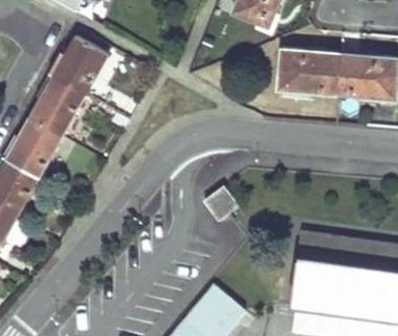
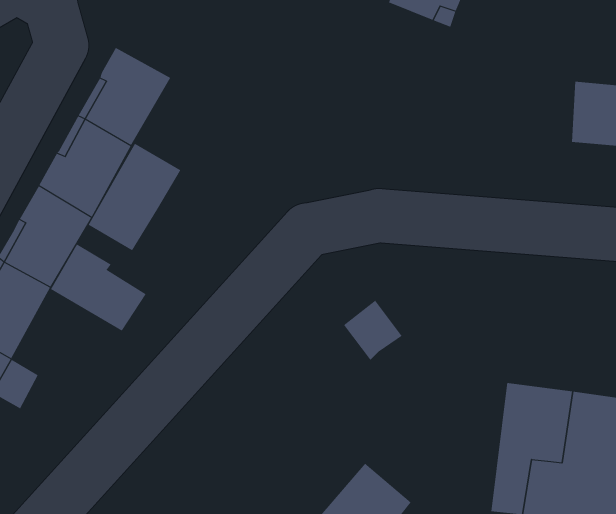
building: [276,51,339,94] -> none
building: none -> [88,143,181,251]
building: none -> [50,243,146,332]

